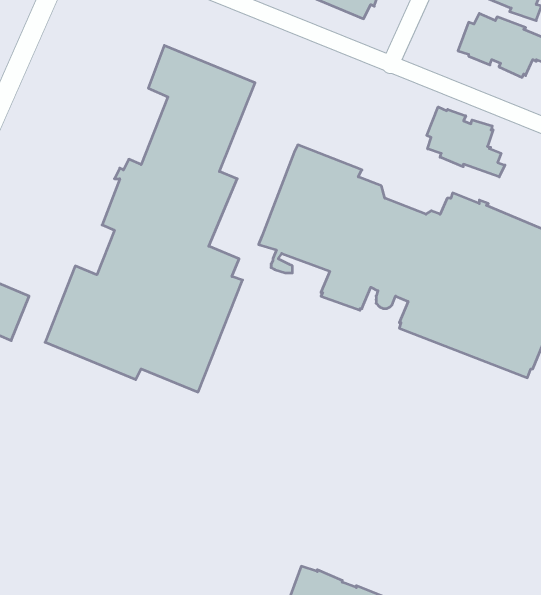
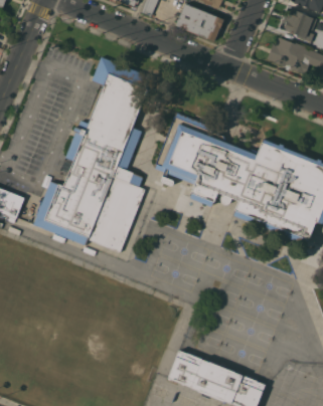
building: [427,107,505,177] -> none

